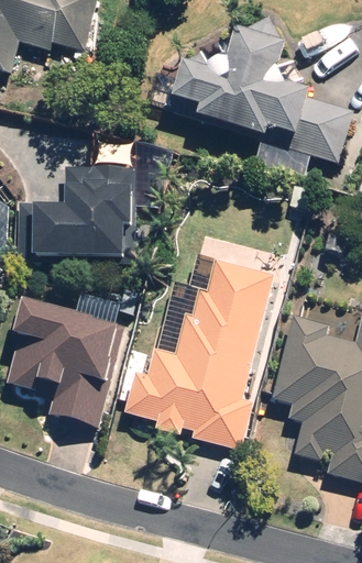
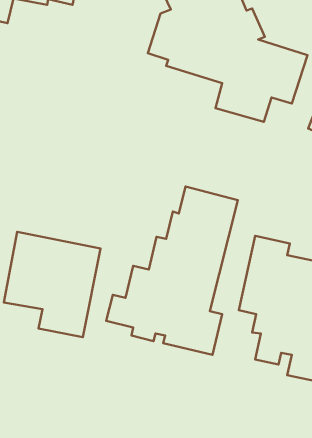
building: [14,162,135,261] -> none

